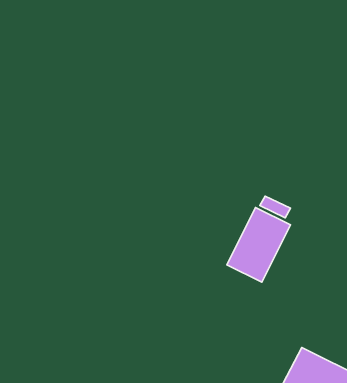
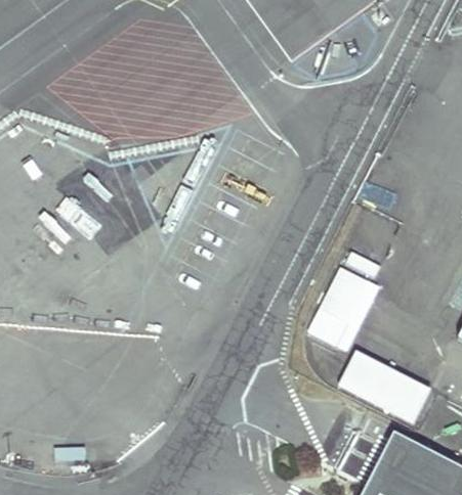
building: none -> [337,352,431,423]

